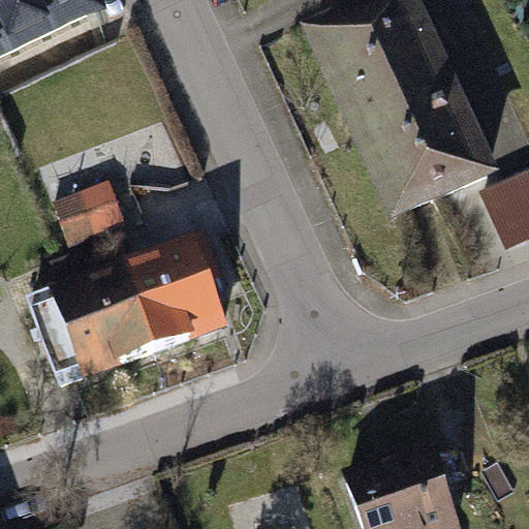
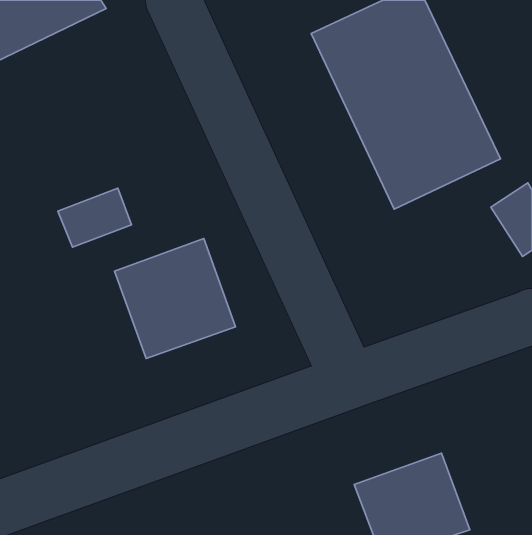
building: [24,269,144,386] -> none

